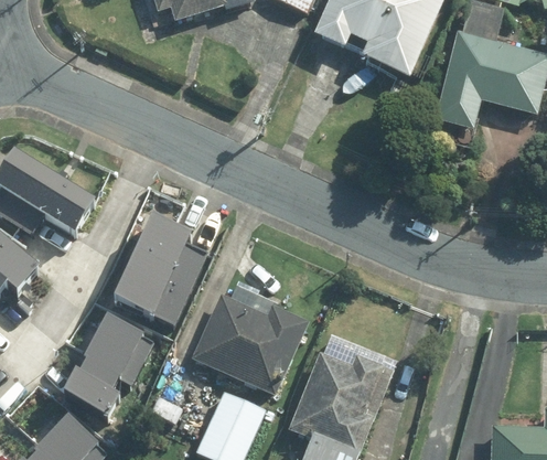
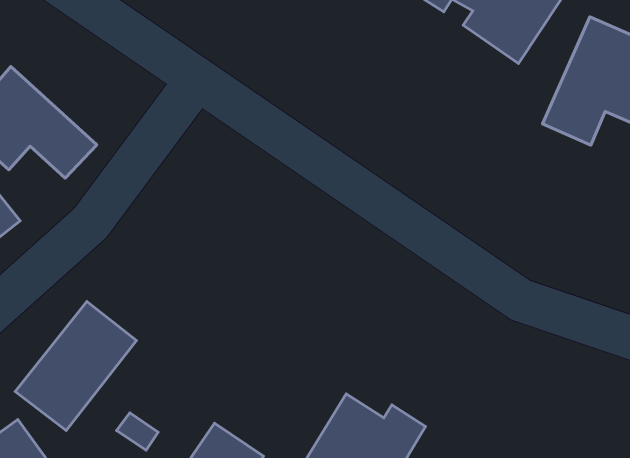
building: [116,218,199,320] -> none
building: [191,293,309,396] -> none

